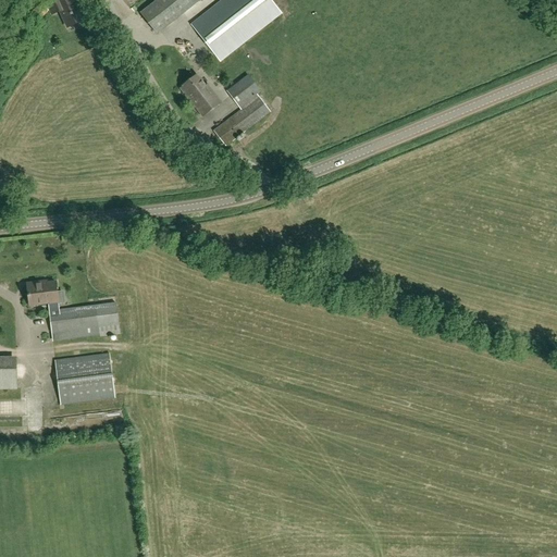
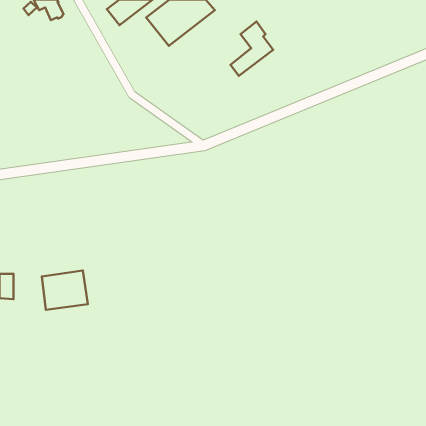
building: [178,74,220,115] -> none
building: [213,74,269,145] -> [230,22,273,76]
building: [26,281,117,332] -> none

